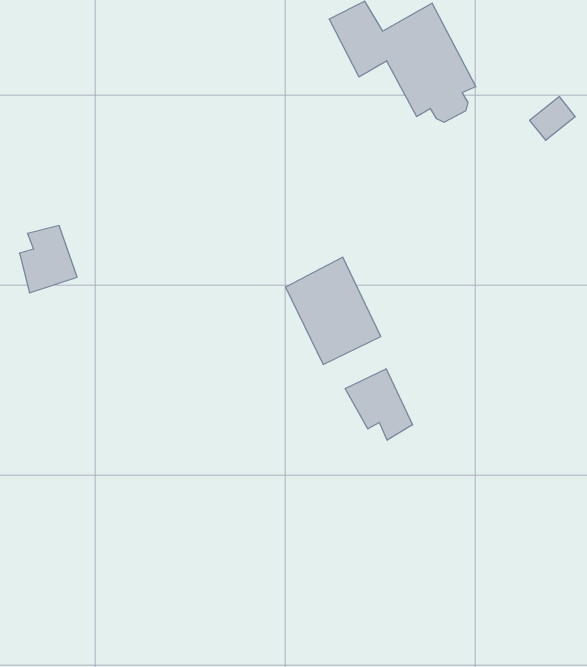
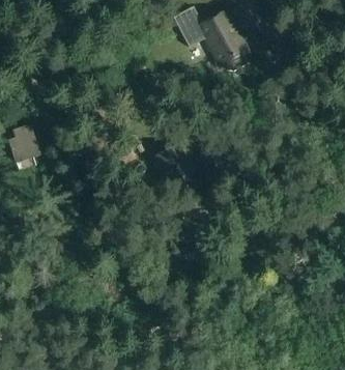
building: [345,369,413,440] -> none

